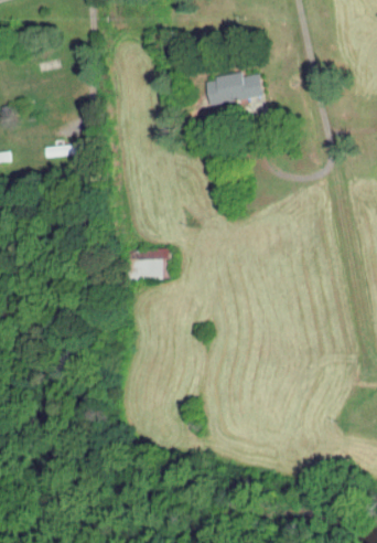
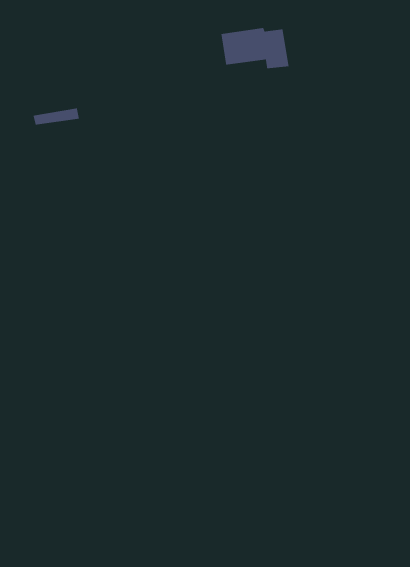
building: [131,247,170,279] -> none

